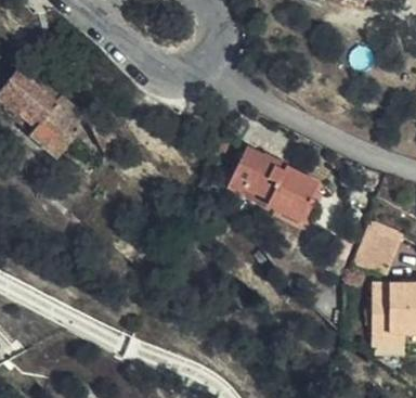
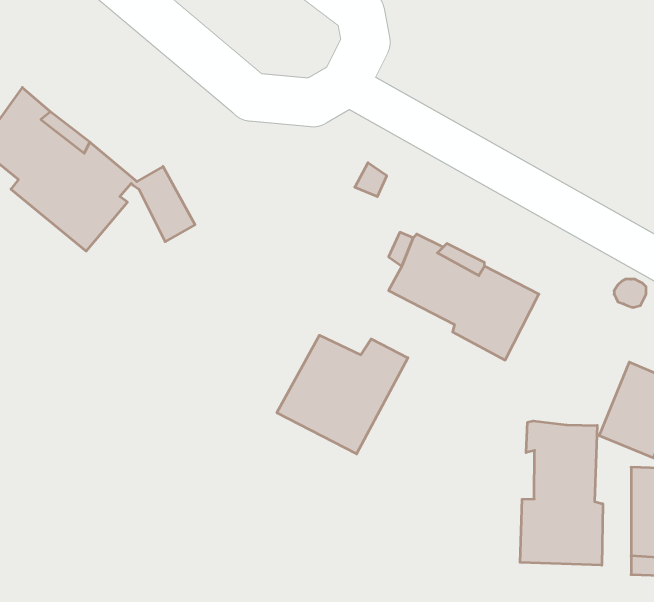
building: none -> [277,335,408,454]
building: none -> [520,421,603,565]

